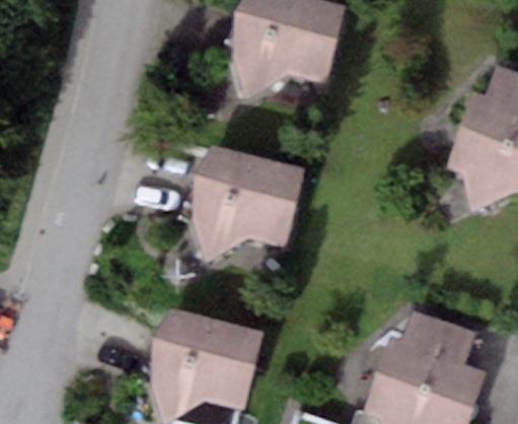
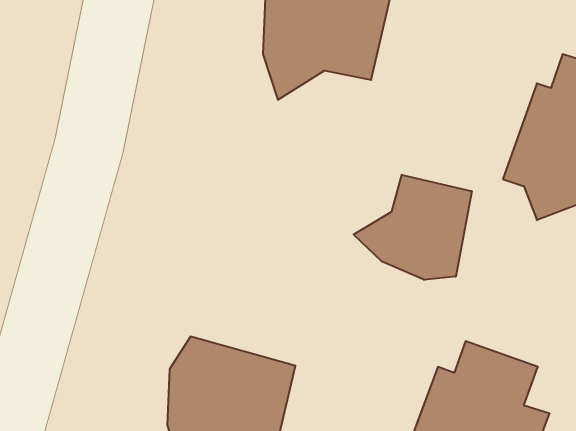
building: [195,147,306,264] -> none
building: none -> [354,175,472,280]

